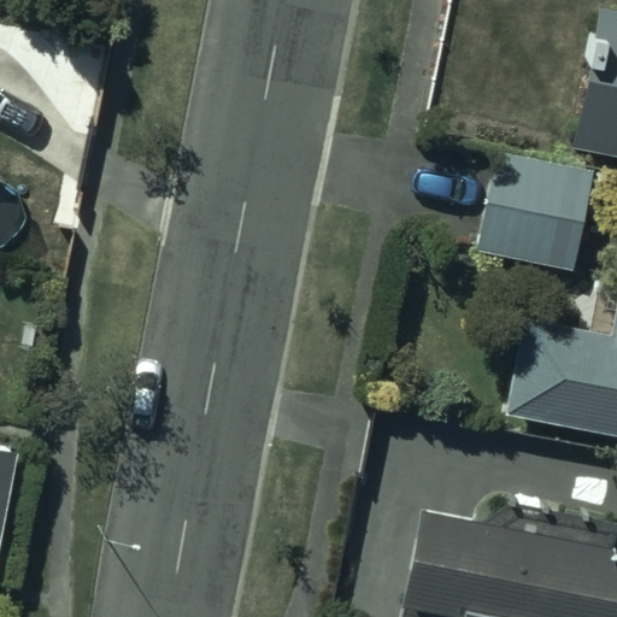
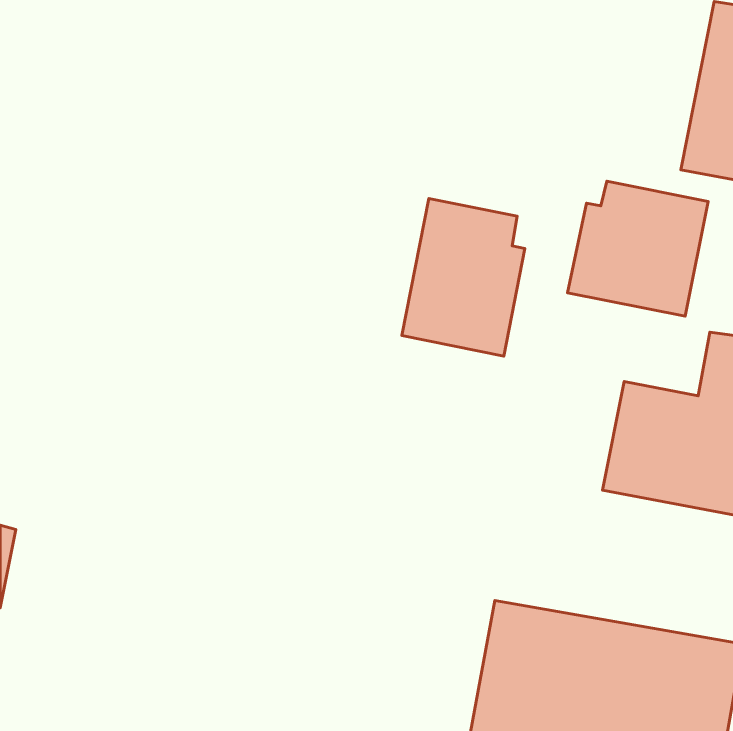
building: none -> [402,198,525,356]

